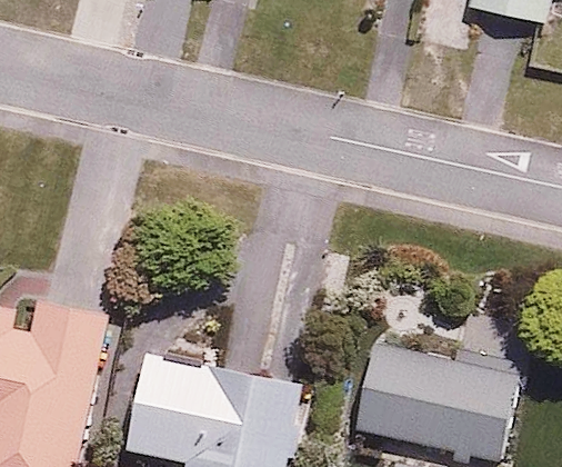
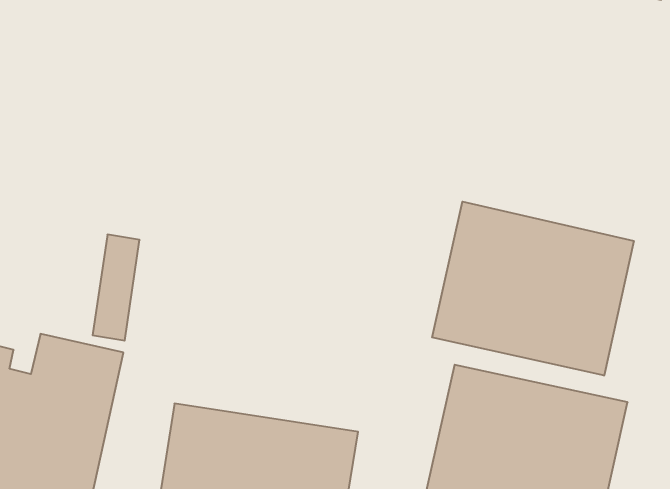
building: none -> [432,202,634,376]

